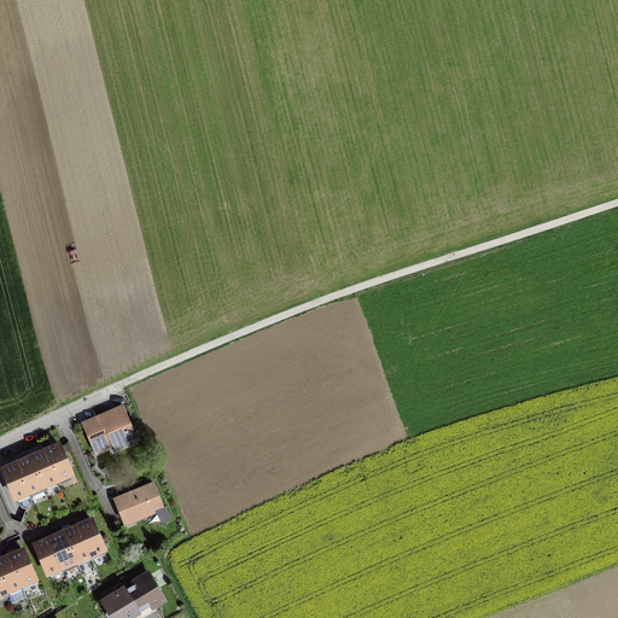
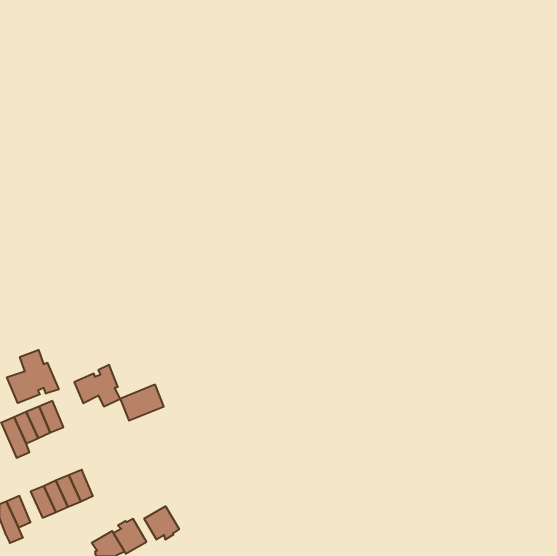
building: none -> [7,350,59,403]
building: [113,482,162,521] -> [120,385,164,421]
building: none -> [144,506,179,540]

